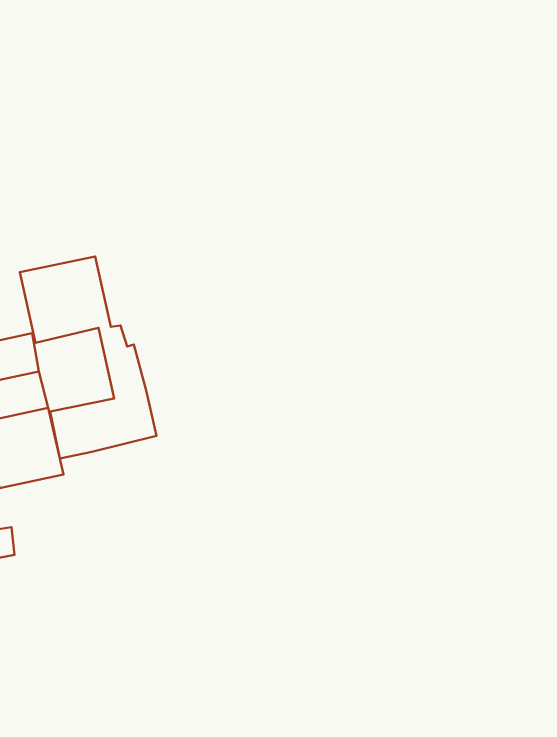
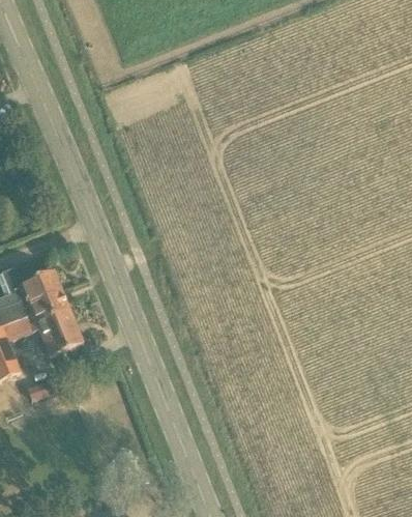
building: [20,256,156,459] -> none

